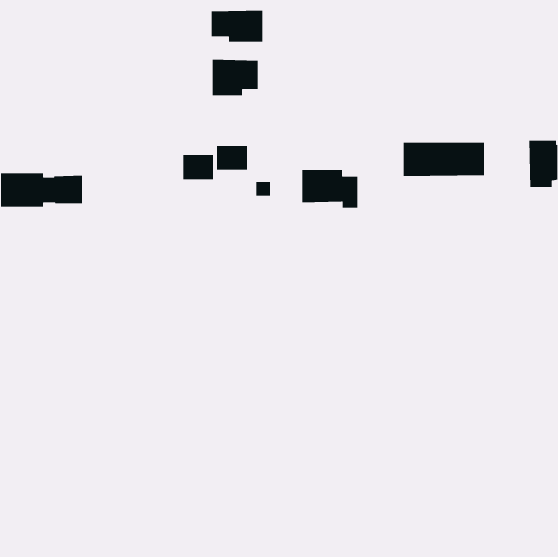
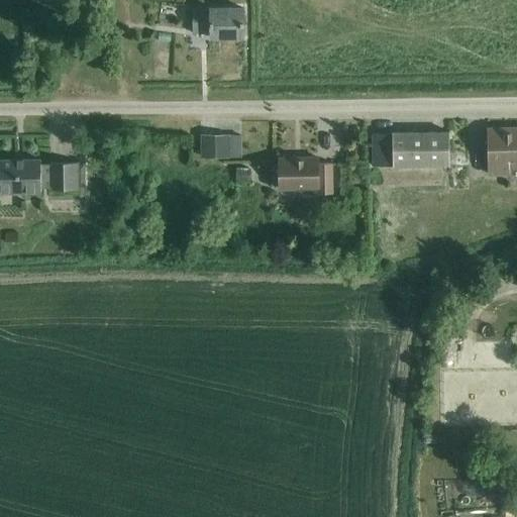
building: [212,59,258,96] -> none
building: [182,154,214,180] -> none

